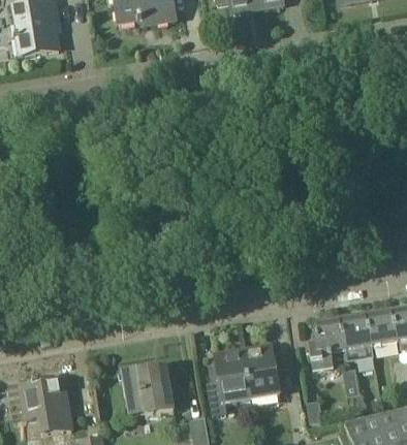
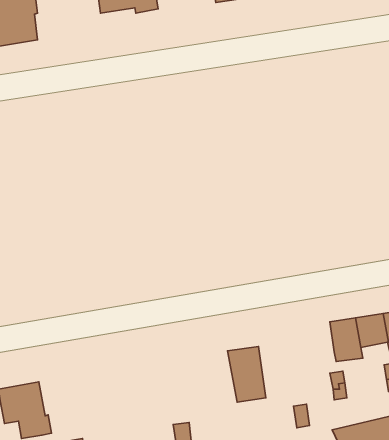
building: [309,319,346,364] -> none
building: [208,347,252,412] -> none
building: [123,362,175,413] -> none

